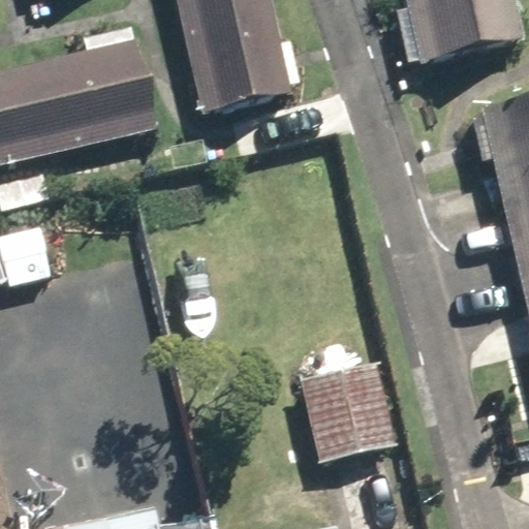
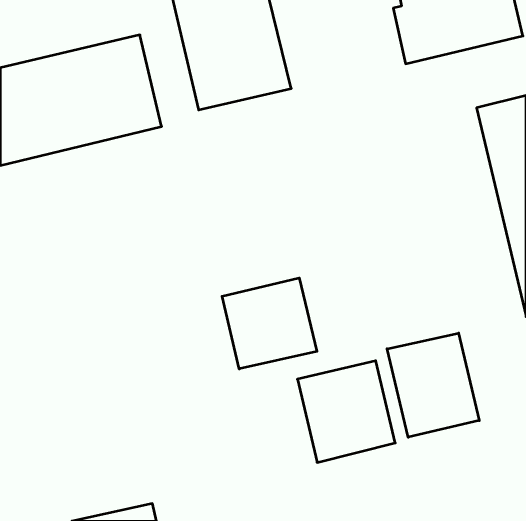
building: none -> [222,278,317,369]
building: none -> [387,333,479,437]

